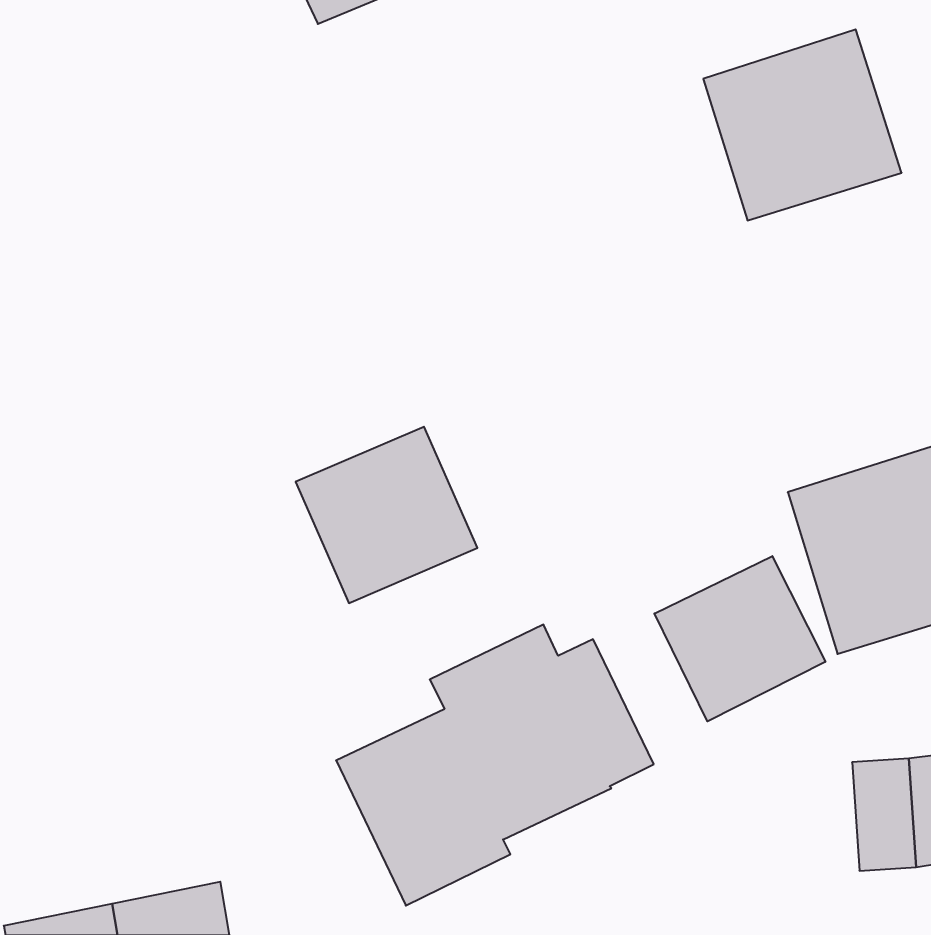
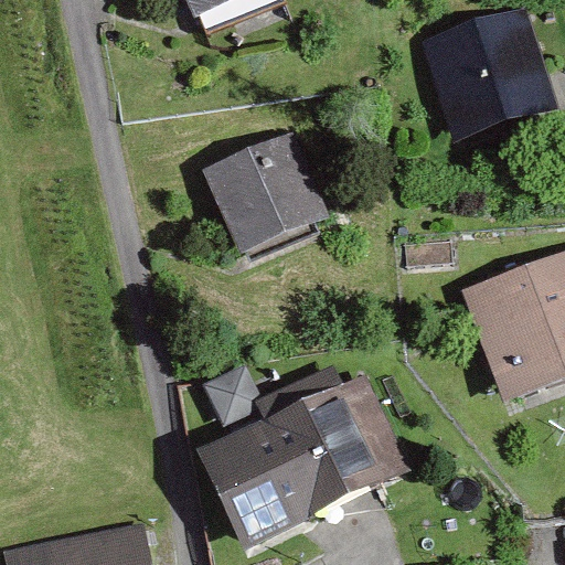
building: [296,427,477,603] -> [209,145,318,250]
building: [654,556,825,721] -> none

